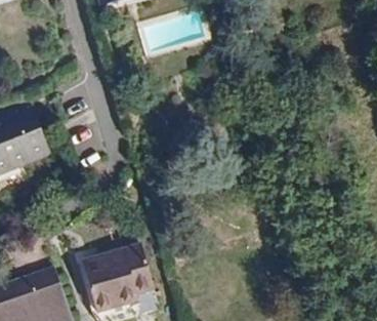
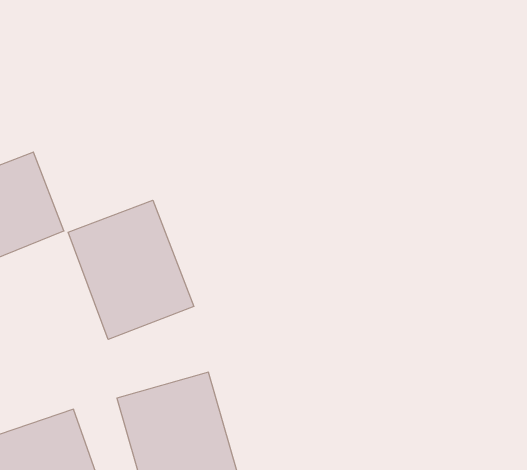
building: none -> [68,200,194,339]

